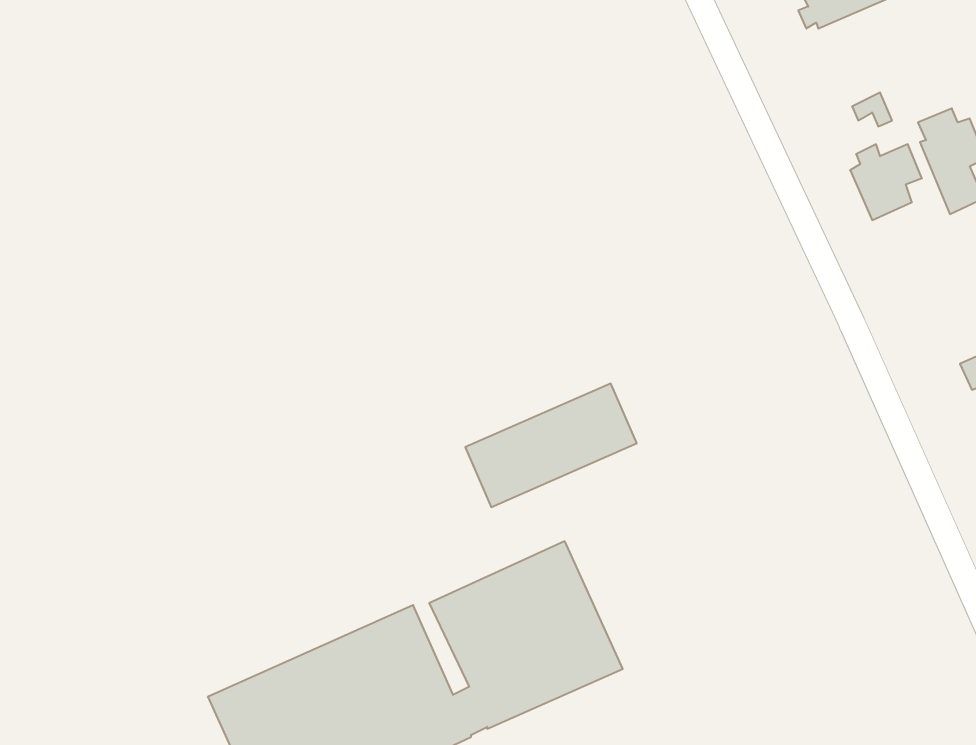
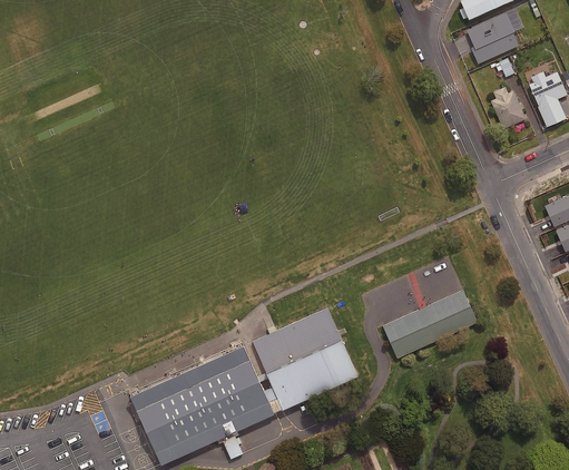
building: none -> [463,11,517,61]
building: [465,383,637,507] -> [383,291,479,360]

